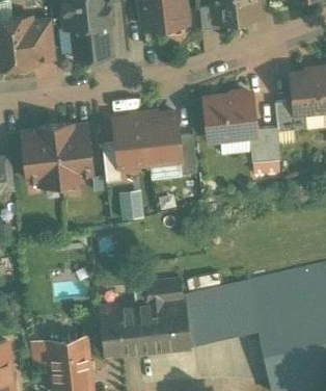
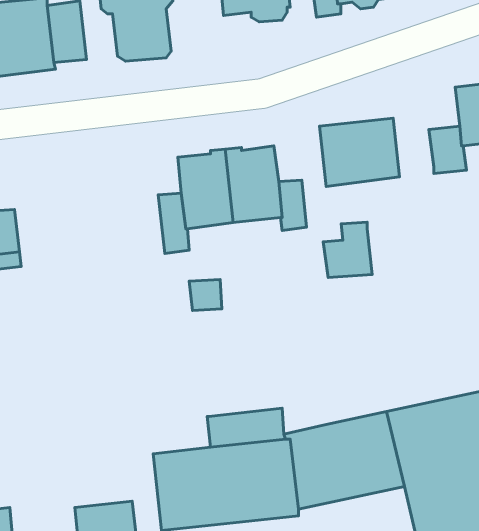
building: [22,123,92,184] -> none
building: [249,126,280,161] -> [323,222,372,278]

